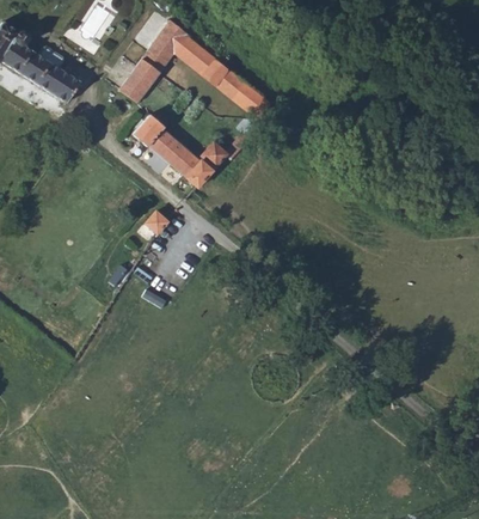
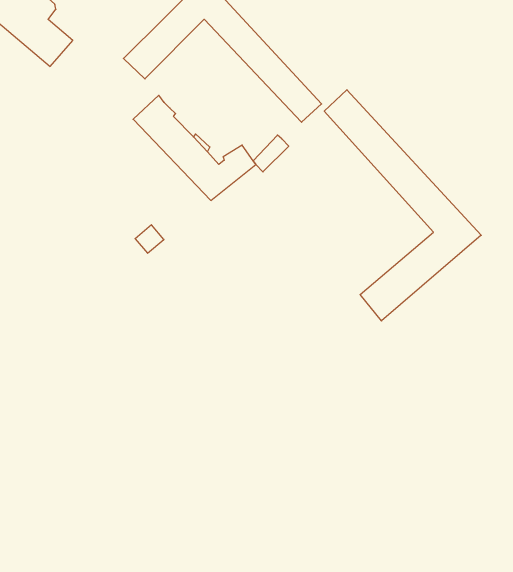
building: none -> [324,90,481,321]

